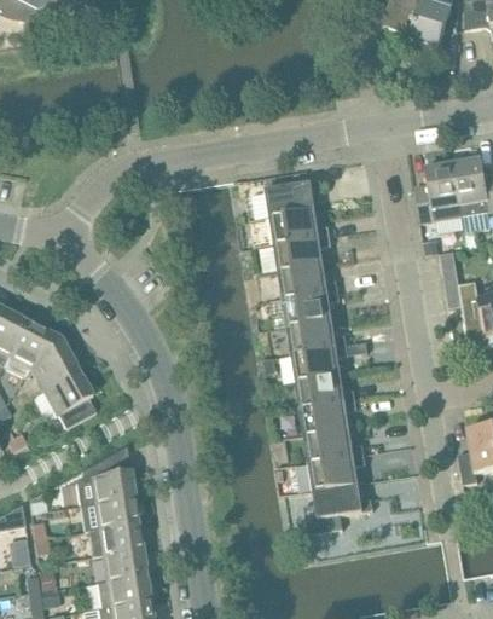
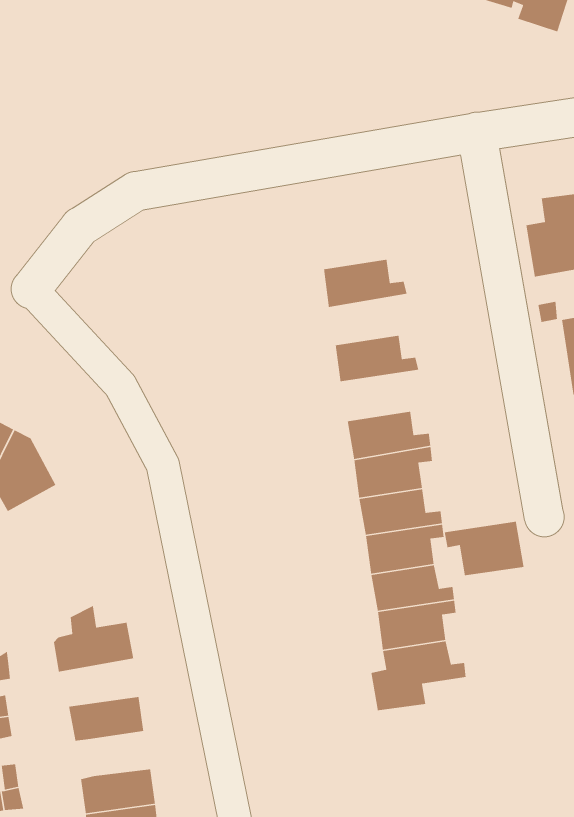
building: [251,179,323,219] -> none
building: [273,235,331,271] -> none
building: [282,289,340,325] -> none
building: [44,371,95,427] -> none
building: none -> [444,521,524,576]
building: [80,496,138,531] -> none
building: [102,548,146,579] -> none

